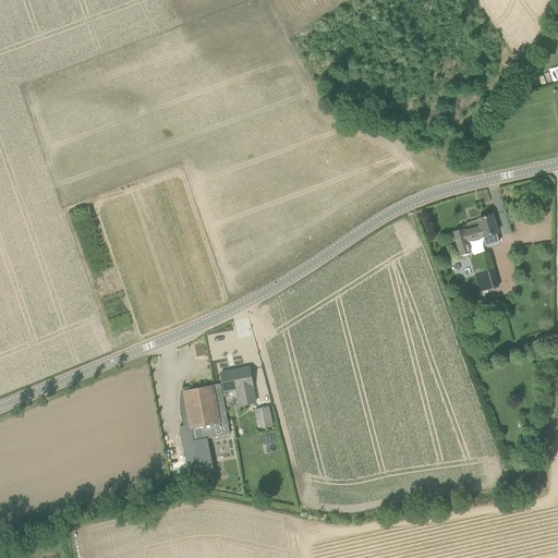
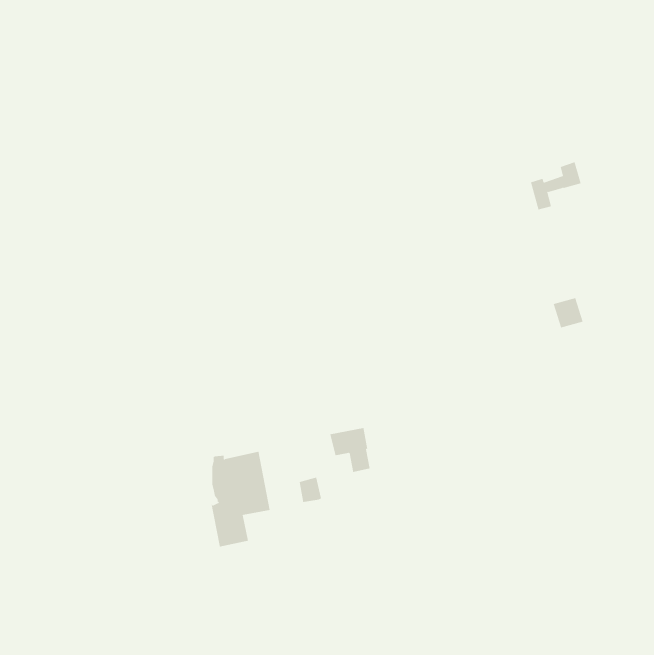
building: [454,215,498,256] -> [530,162,581,210]
building: [221,367,256,405] -> [330,428,371,473]

